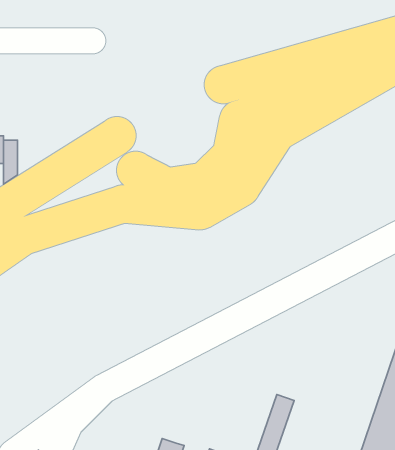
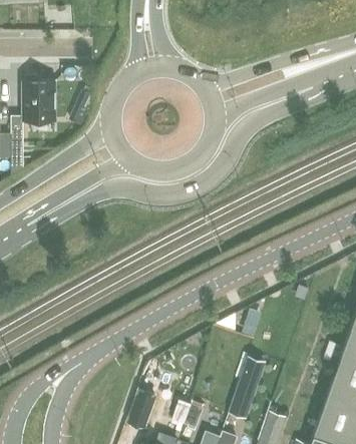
building: none -> [23,75,55,119]

